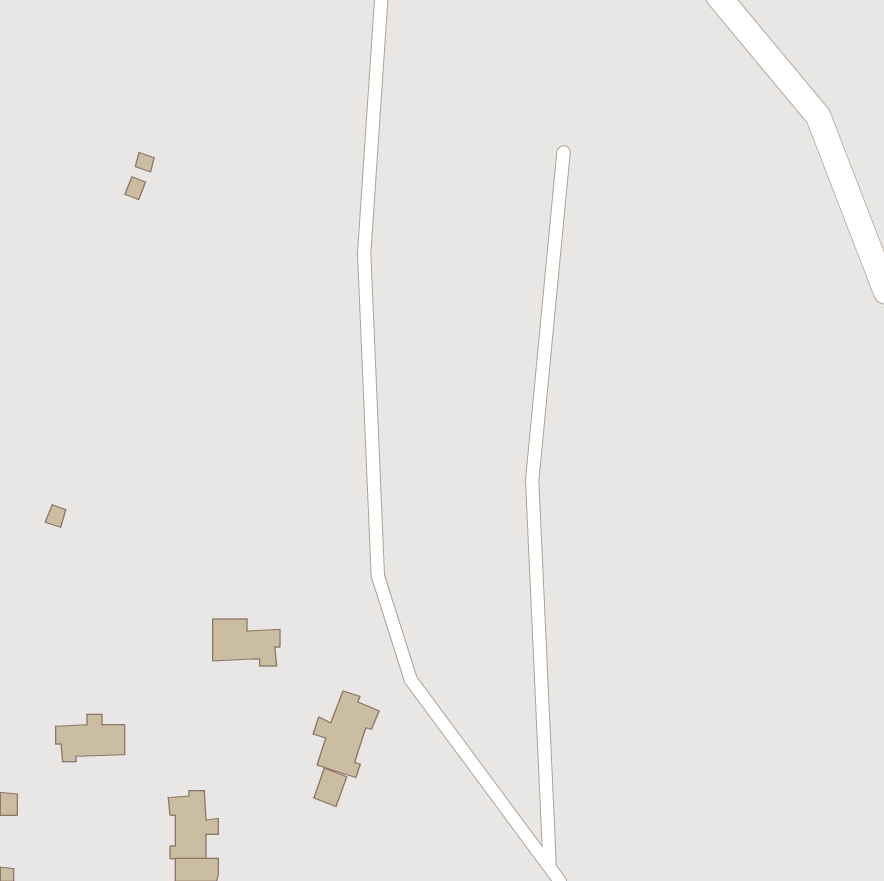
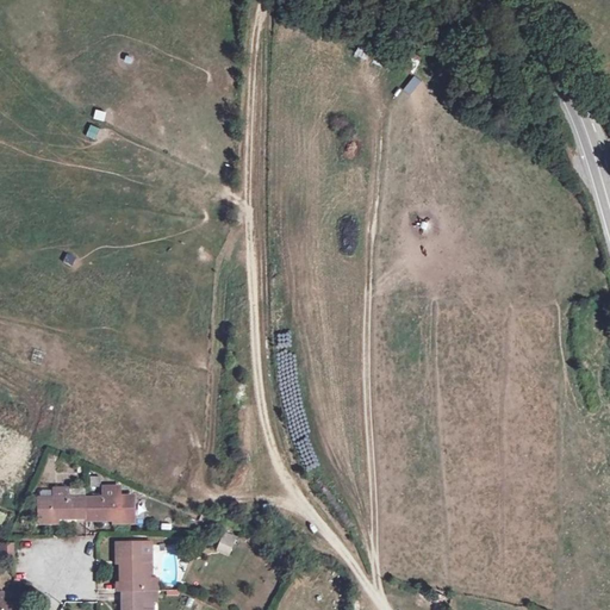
building: [213,619,280,666] -> [87,490,133,522]
building: [313,691,379,777] -> none

